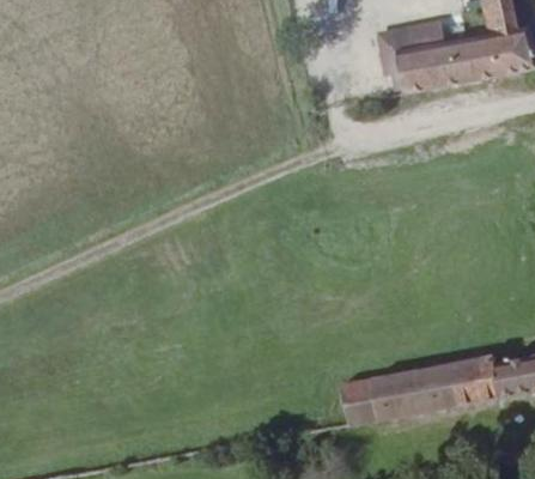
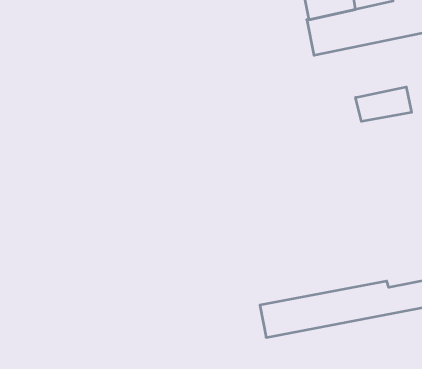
building: none -> [356,87,412,121]

